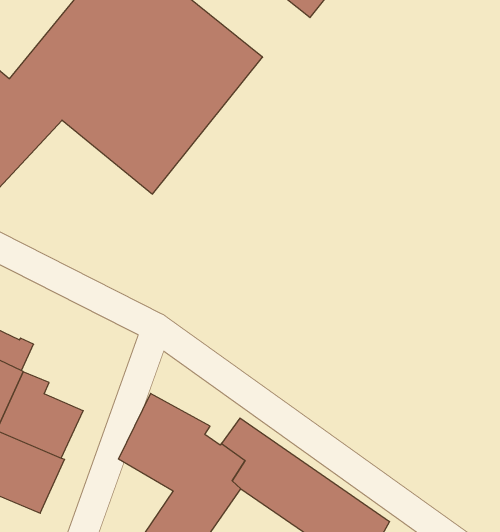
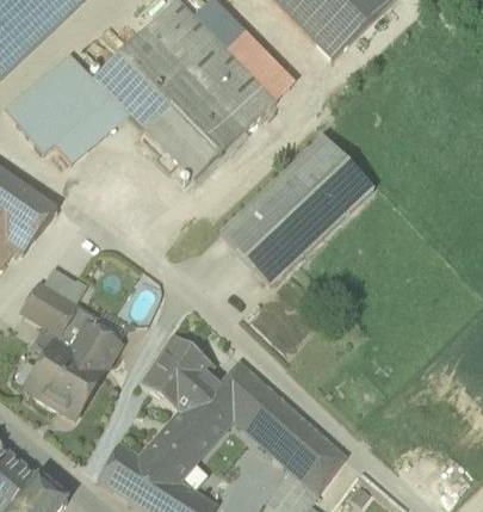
building: none -> [219,132,373,285]

